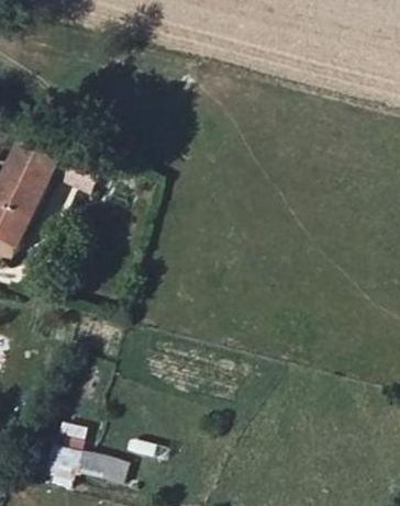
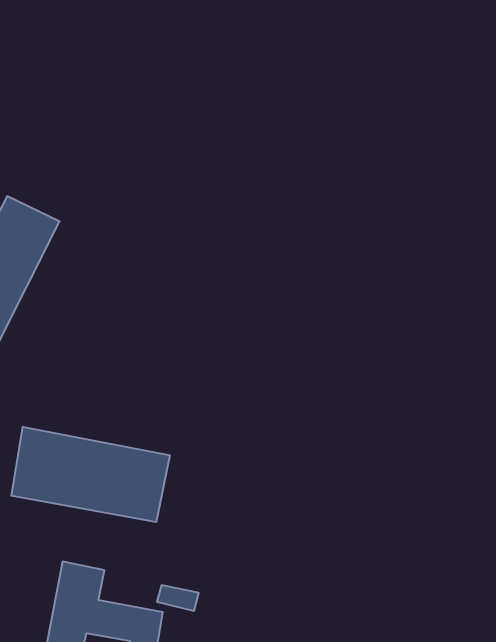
building: none -> [11,427,170,522]

